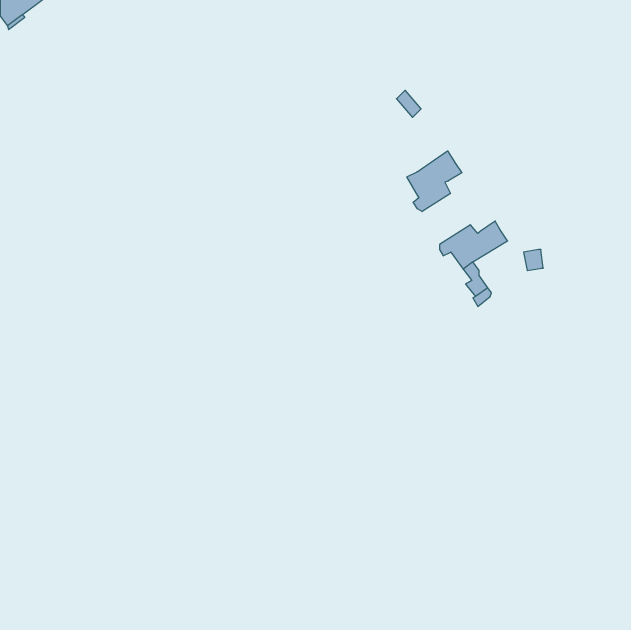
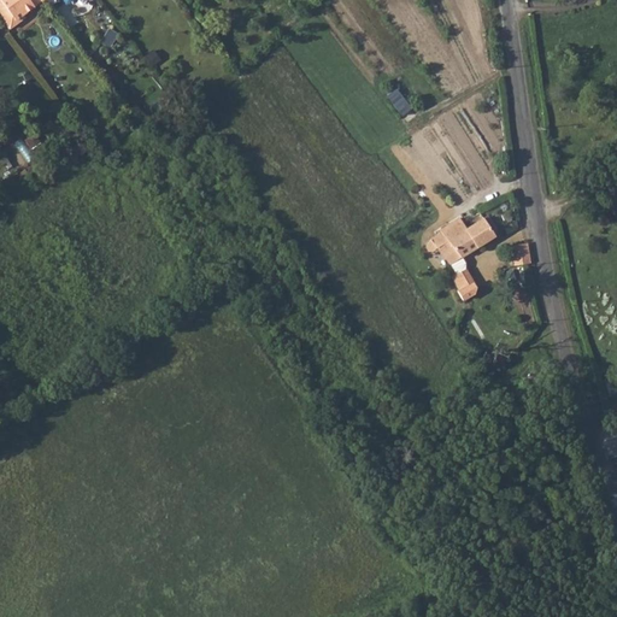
building: [407,151,462,212] -> none

